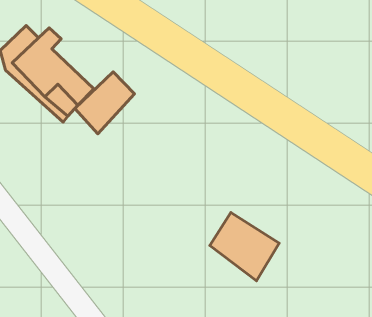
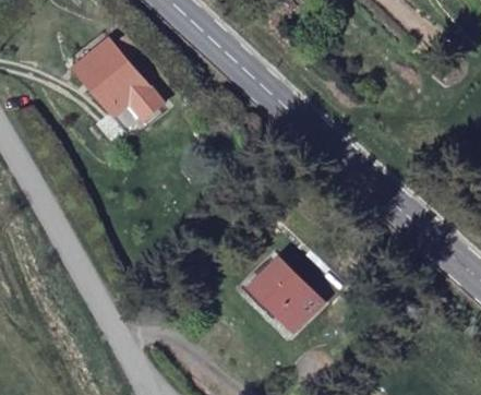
building: [75,72,134,134] -> none

